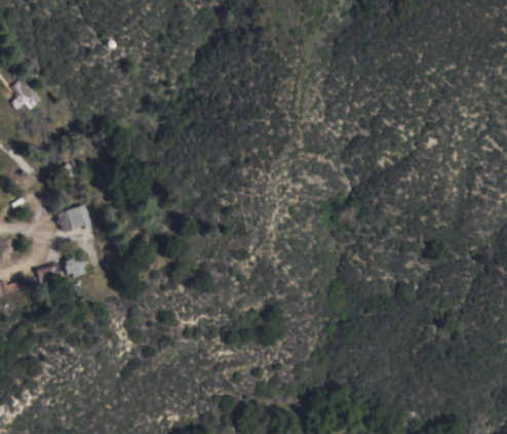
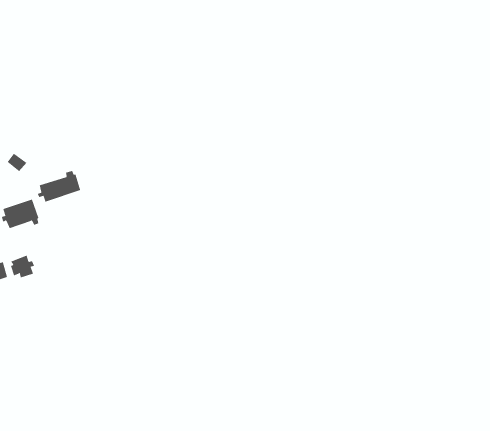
building: none -> [37,170,81,202]

